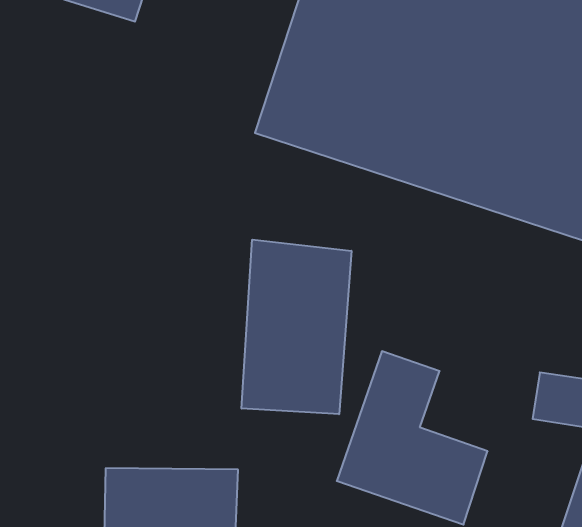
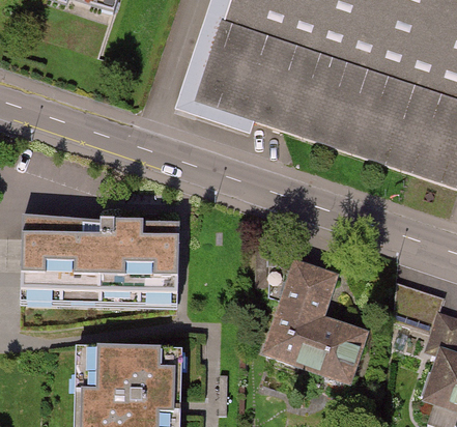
building: [242,240,351,414] -> none
building: none -> [26,212,175,307]

